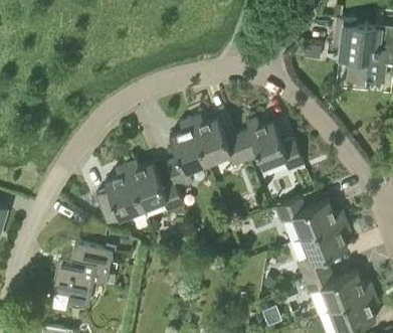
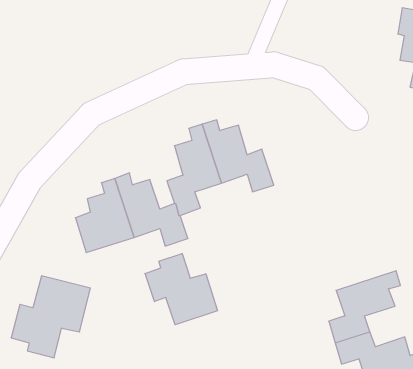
building: [237,117,305,171] -> none
building: [275,197,347,238] -> none
building: none -> [145,253,218,325]

